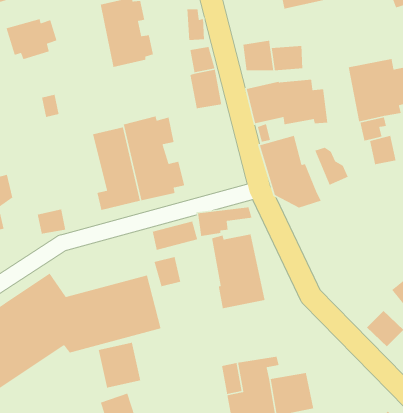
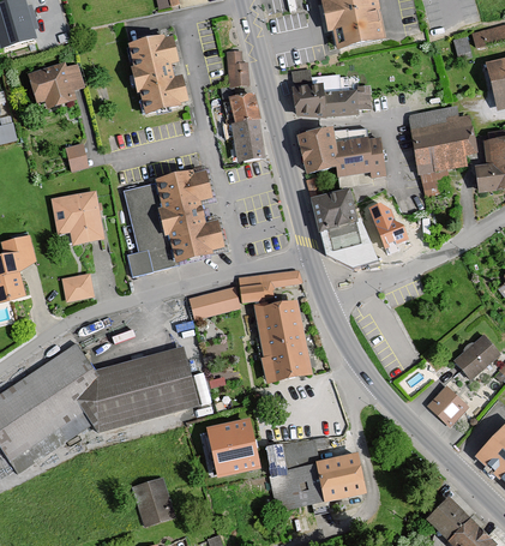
building: none -> [50,188,104,244]
building: [369,135,397,165] -> none
building: [154,256,181,287] -> none
building: [98,342,141,388] -> [209,420,257,472]

